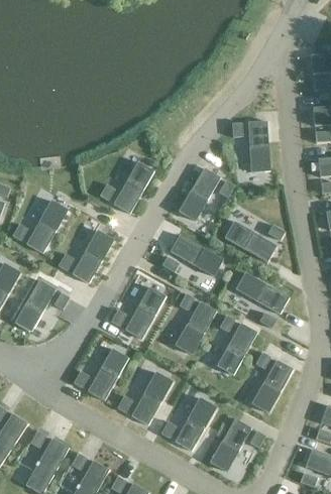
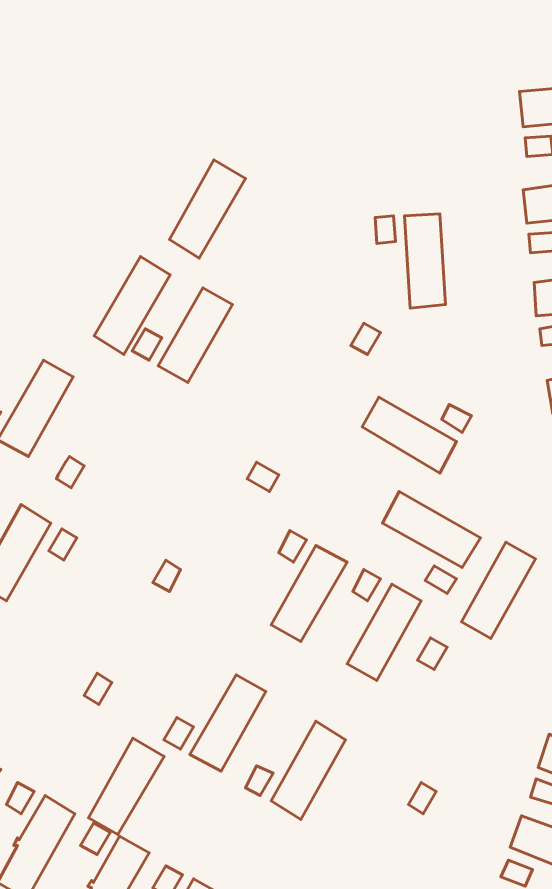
building: [179,167,220,221] -> [169,160,245,258]
building: [72,230,113,283] -> [94,256,170,355]
building: [170,235,222,276] -> none
building: [124,286,164,339] -> none
building: [87,348,128,400] -> [88,738,164,834]
building: [251,360,292,412] -> [461,542,535,638]
building: [209,418,250,471] -> none

